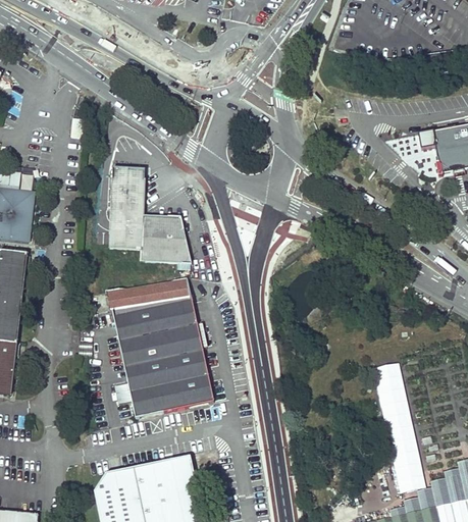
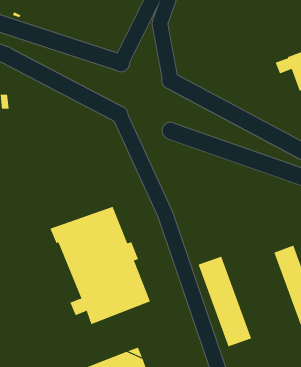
building: [109,166,191,261] -> none
building: none -> [198,256,252,347]

